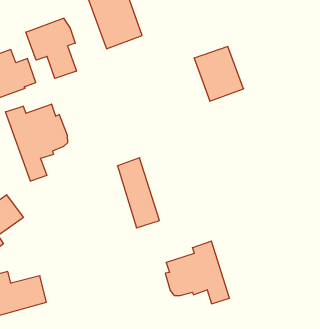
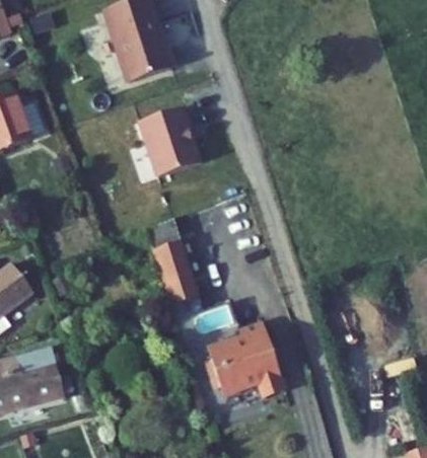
building: [26,18,76,78] -> none
building: [194,47,244,101] -> [152,102,213,169]
building: [5,104,67,181] -> none

